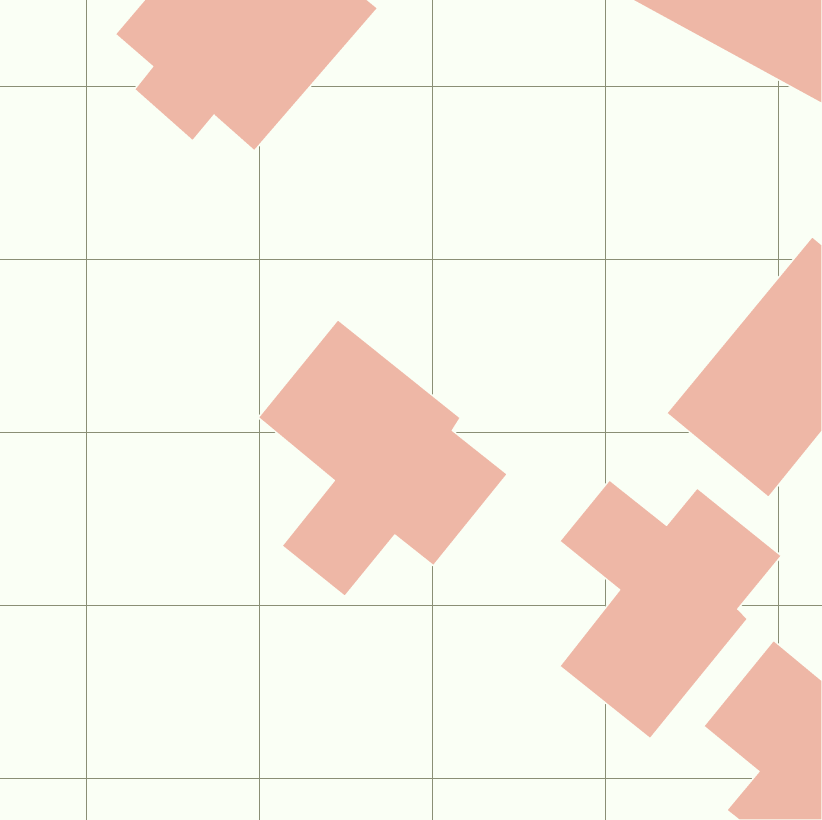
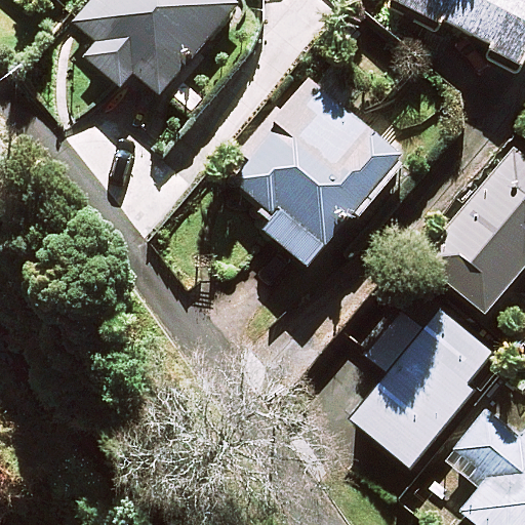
building: none -> [209,69,411,270]
building: [258,319,507,596] -> none

